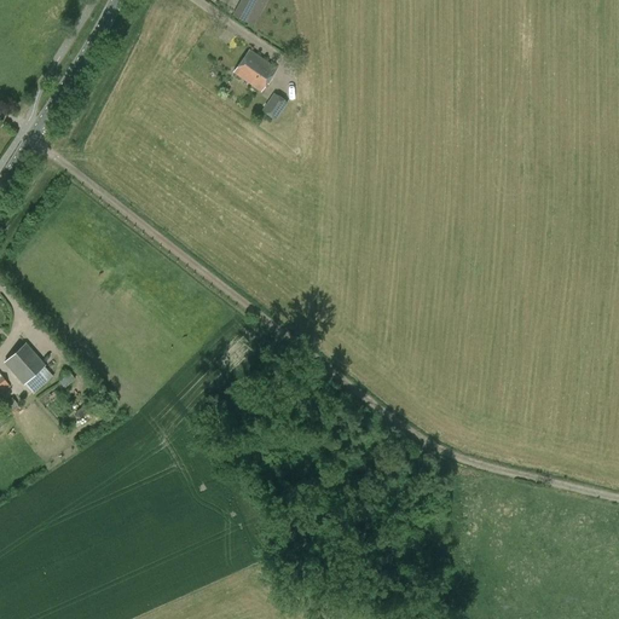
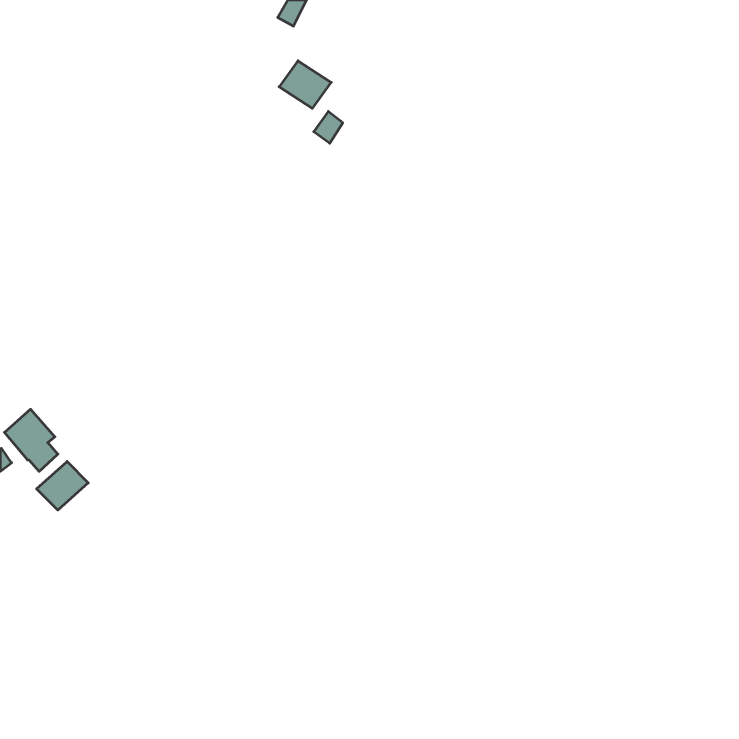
building: none -> [37,461,88,510]

